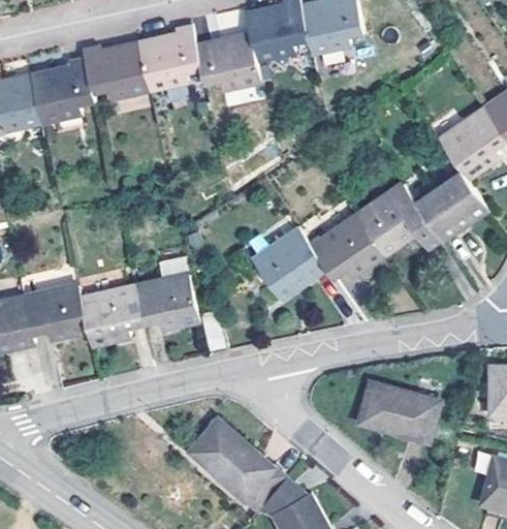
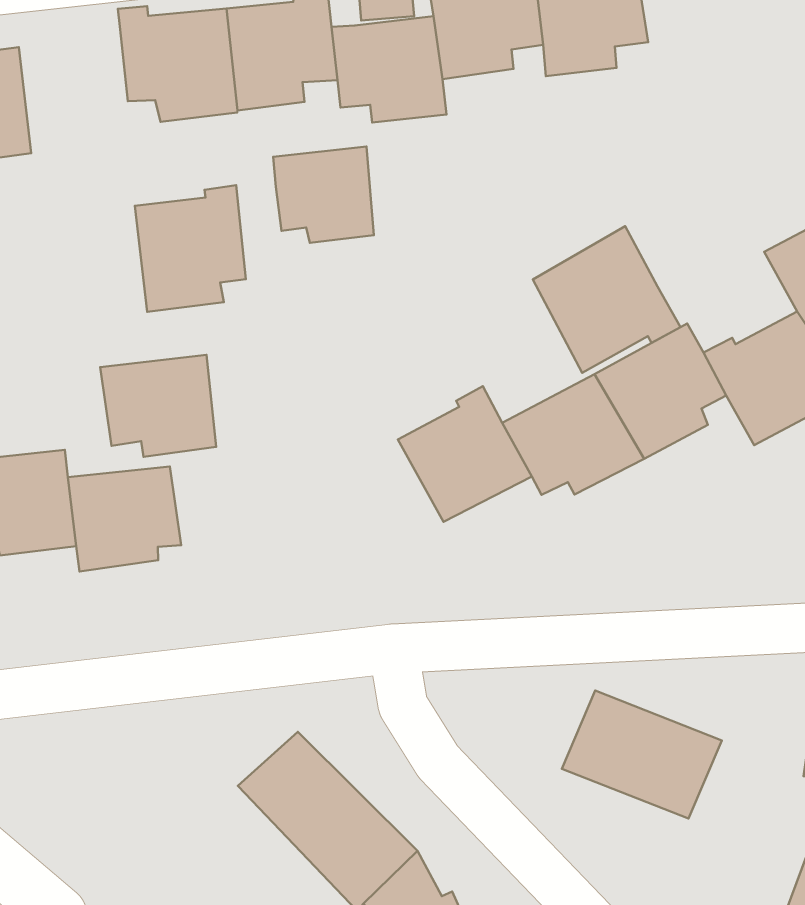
building: [30,54,93,126] -> [135,185,246,312]
building: none -> [273,146,374,243]
building: none -> [533,226,680,373]
building: [133,273,199,331] -> [100,355,216,457]

